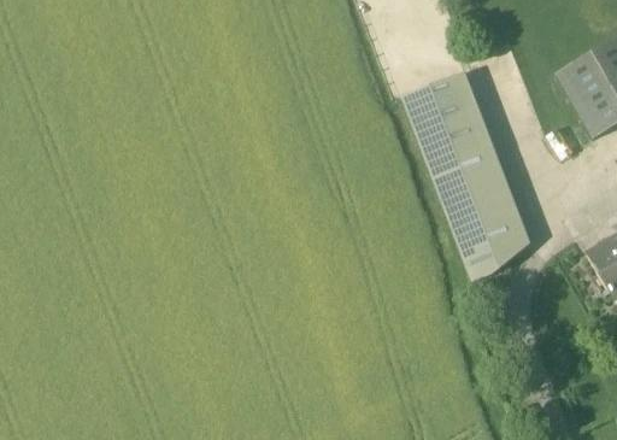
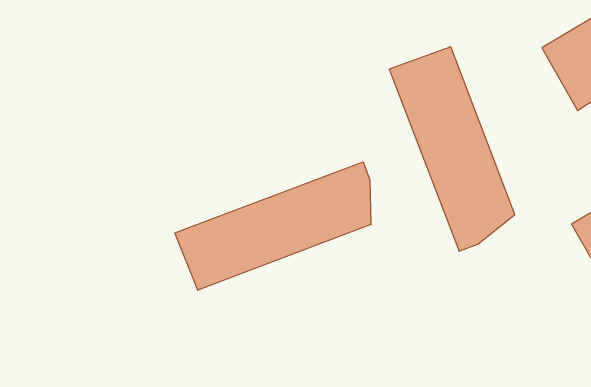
building: none -> [175,162,371,290]

